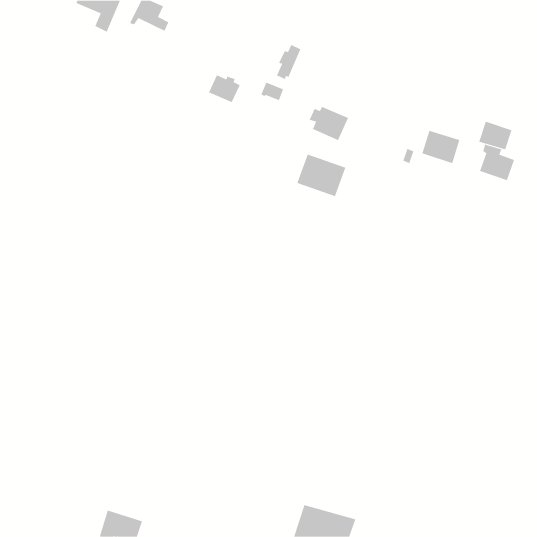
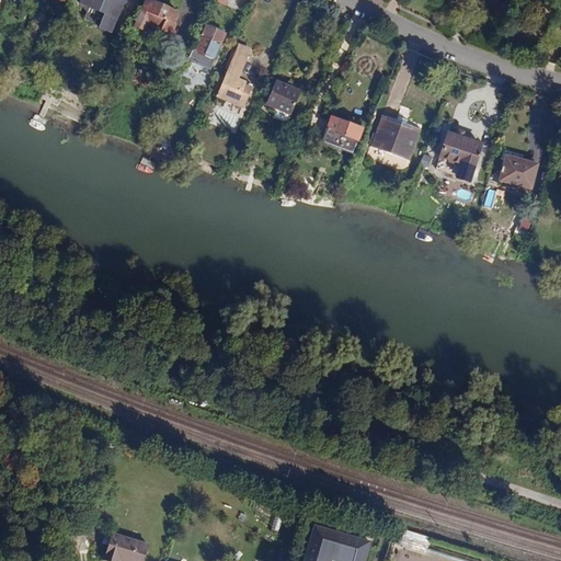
building: none -> [188,24,226,67]
building: [276,44,301,80] -> [226,45,252,82]
building: [479,121,512,150] -> none
building: [297,154,346,197] -> [370,115,422,160]

